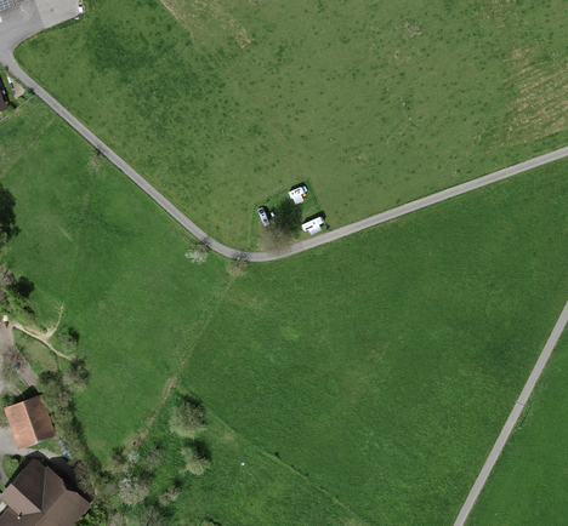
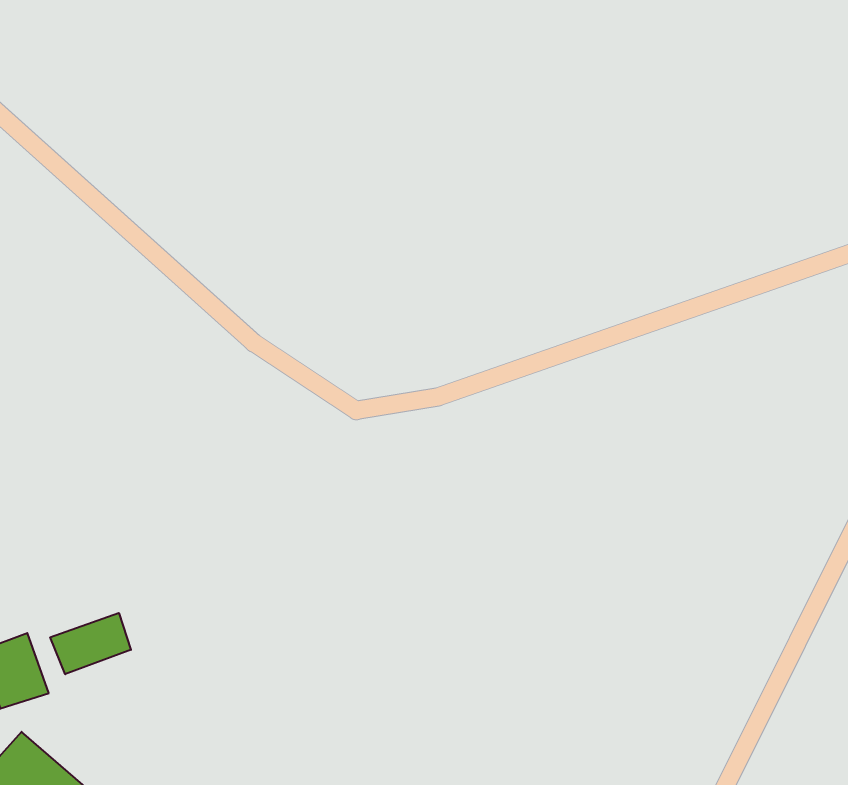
building: none -> [50,613,131,674]

